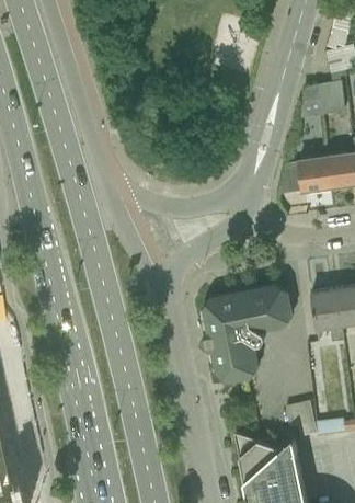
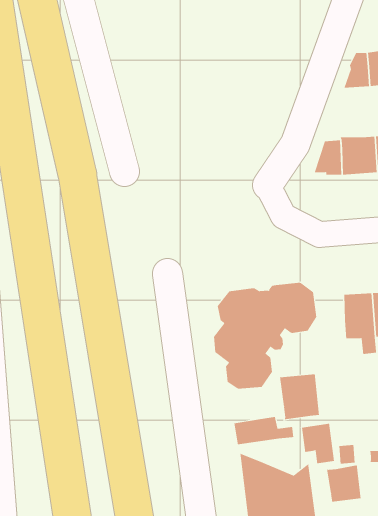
building: none -> [280,374,320,420]
building: none -> [234,416,294,445]
building: none -> [326,465,361,502]

